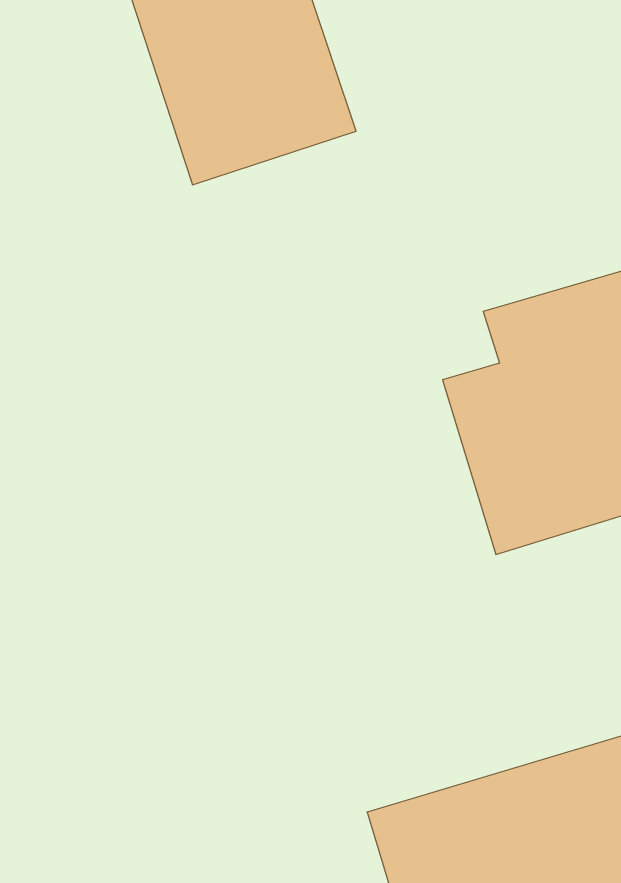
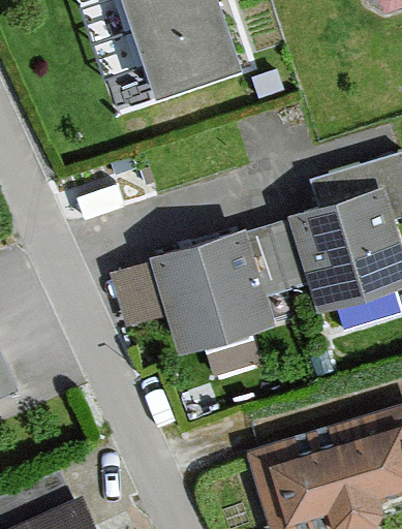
building: none -> [113,226,277,353]

